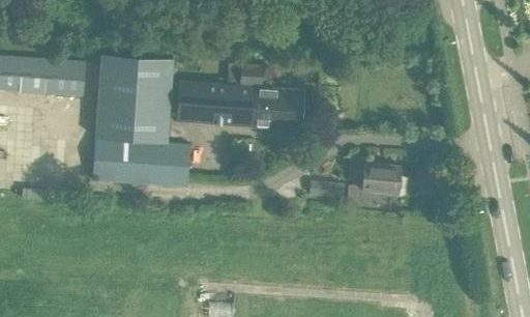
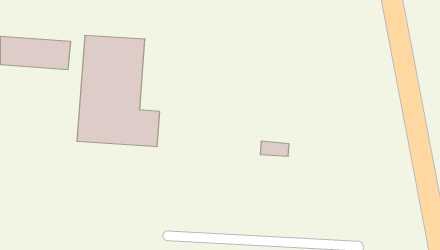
building: [176,65,302,131] -> none
building: [362,164,400,195] -> none

